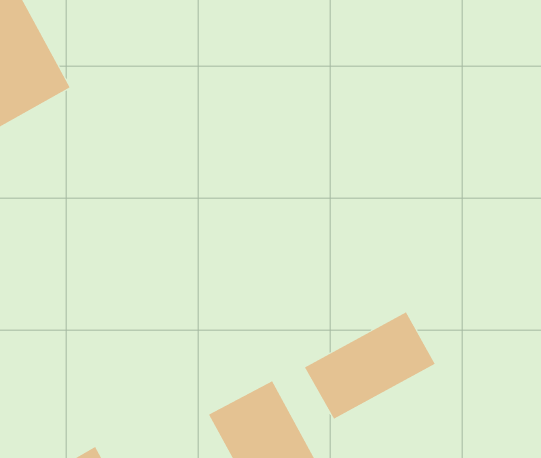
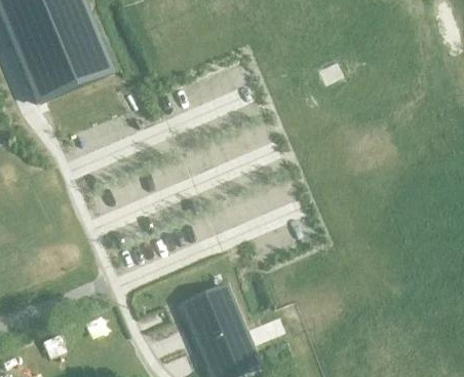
building: [304,312,436,420] -> none

